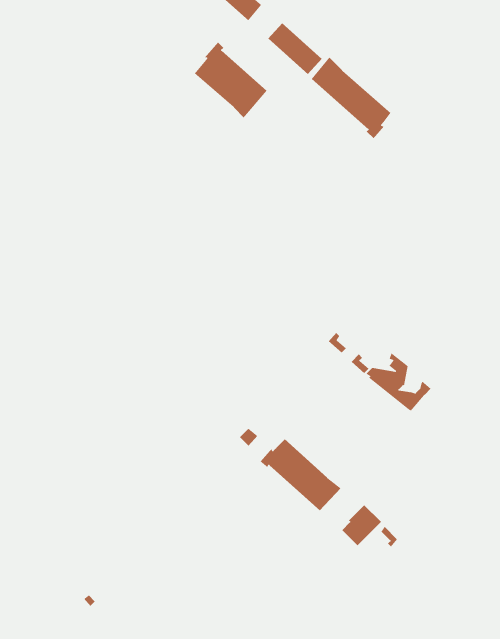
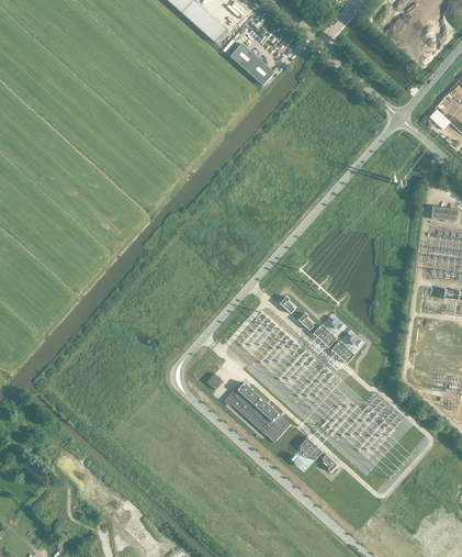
building: [194,42,268,119] -> none
building: [311,57,391,139] -> none

